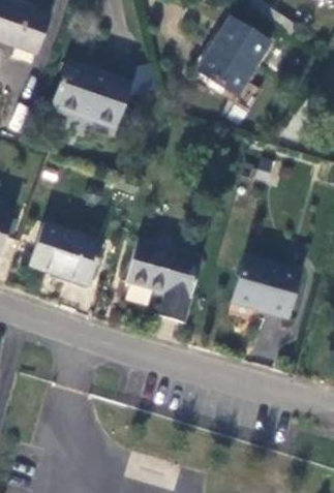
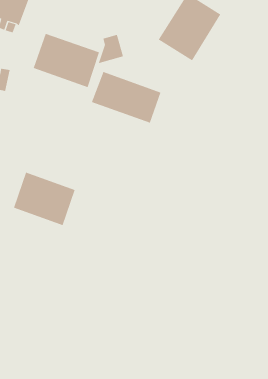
building: none -> [91,71,161,123]
building: [125,240,202,323] -> none
building: [233,256,300,318] -> none

